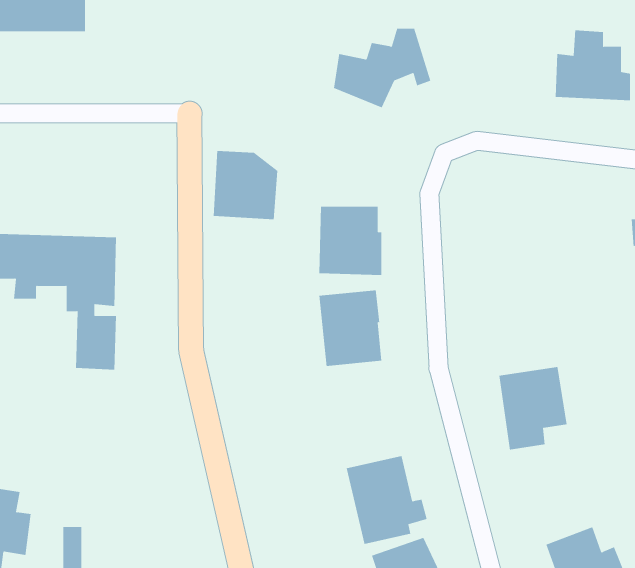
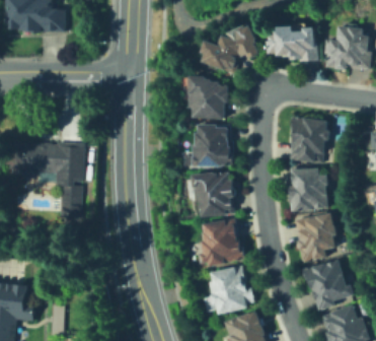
building: none -> [270,23,317,62]
building: [213,151,278,220] -> [191,79,227,118]
building: none -> [290,116,330,161]
building: none -> [290,169,325,208]
building: none -> [201,220,241,265]
building: none -> [306,262,347,310]

